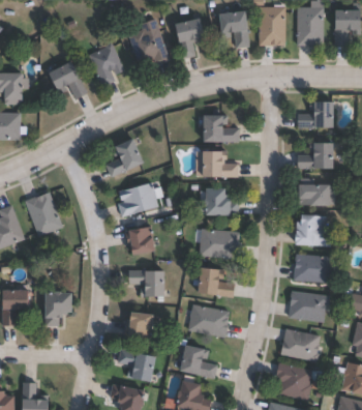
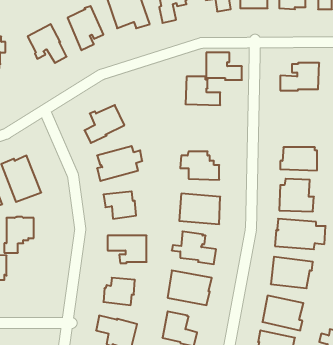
building: [298,140,335,168] -> none
building: [204,149,239,176] -> [206,53,242,80]
building: [44,290,73,325] -> [4,217,34,253]

